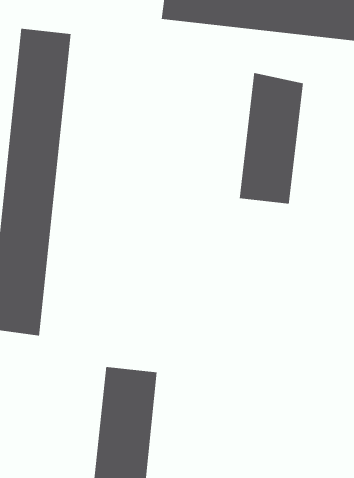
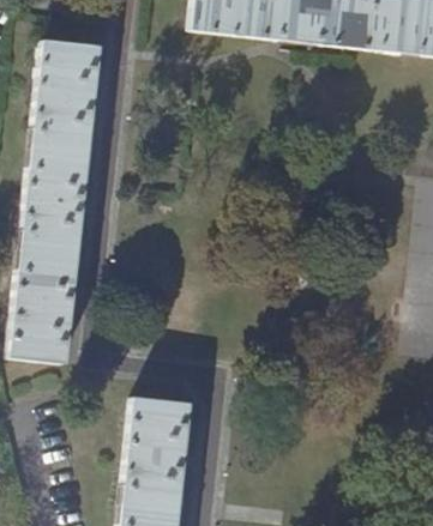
building: [239,72,304,204] -> none

